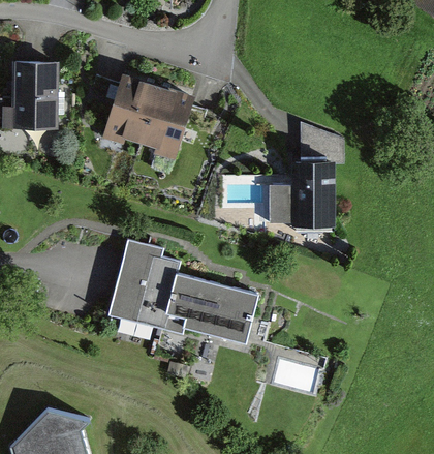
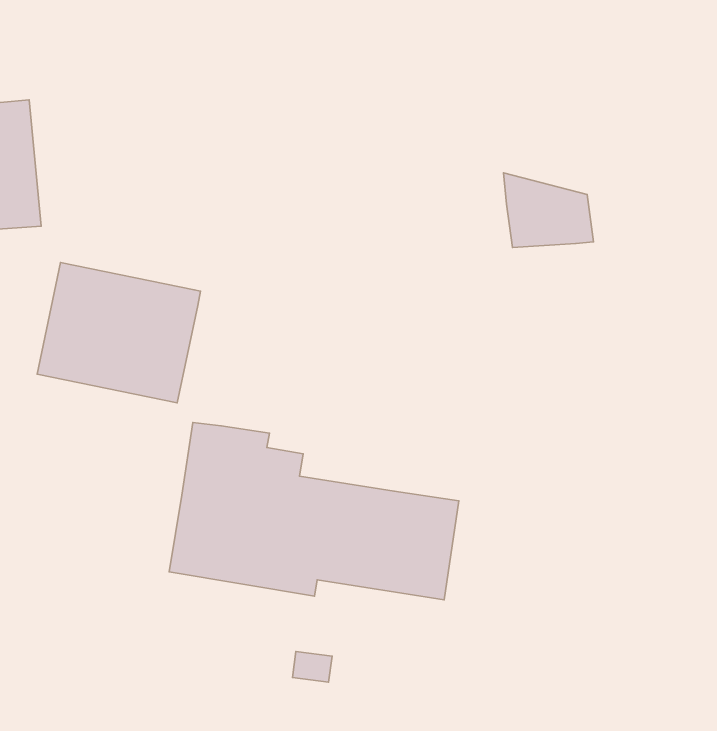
building: [104,77,193,155] -> [37,263,200,403]
building: [270,163,334,223] -> none

